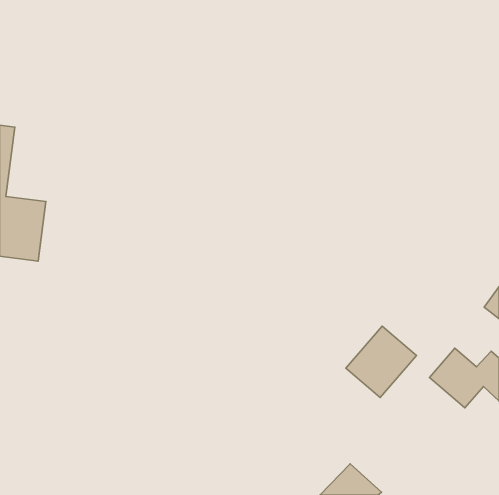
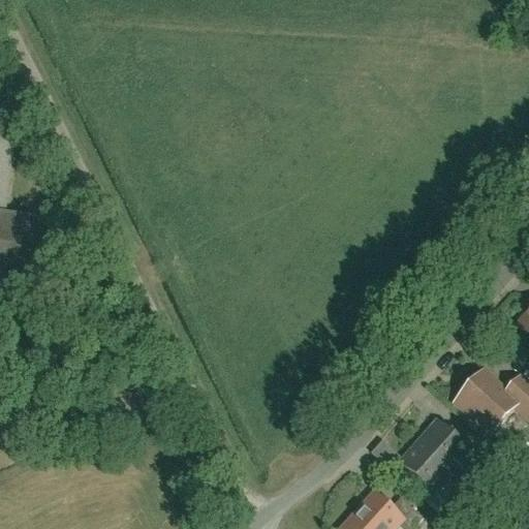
building: [346,326,416,398] -> [397,417,471,493]

